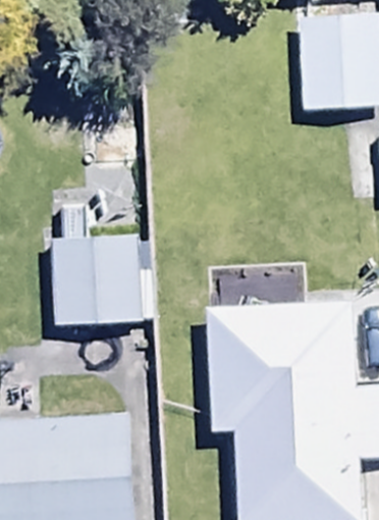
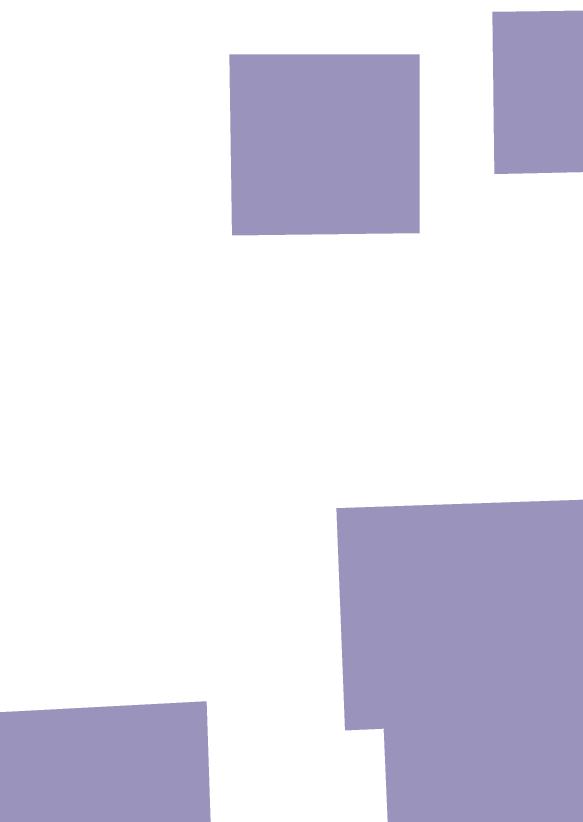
building: none -> [229,53,420,236]
building: [55,202,138,326] -> none

